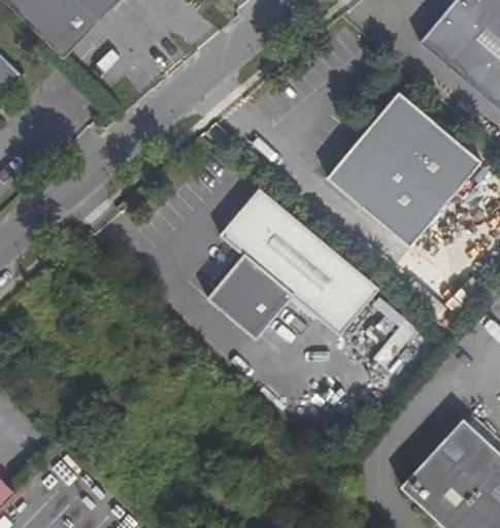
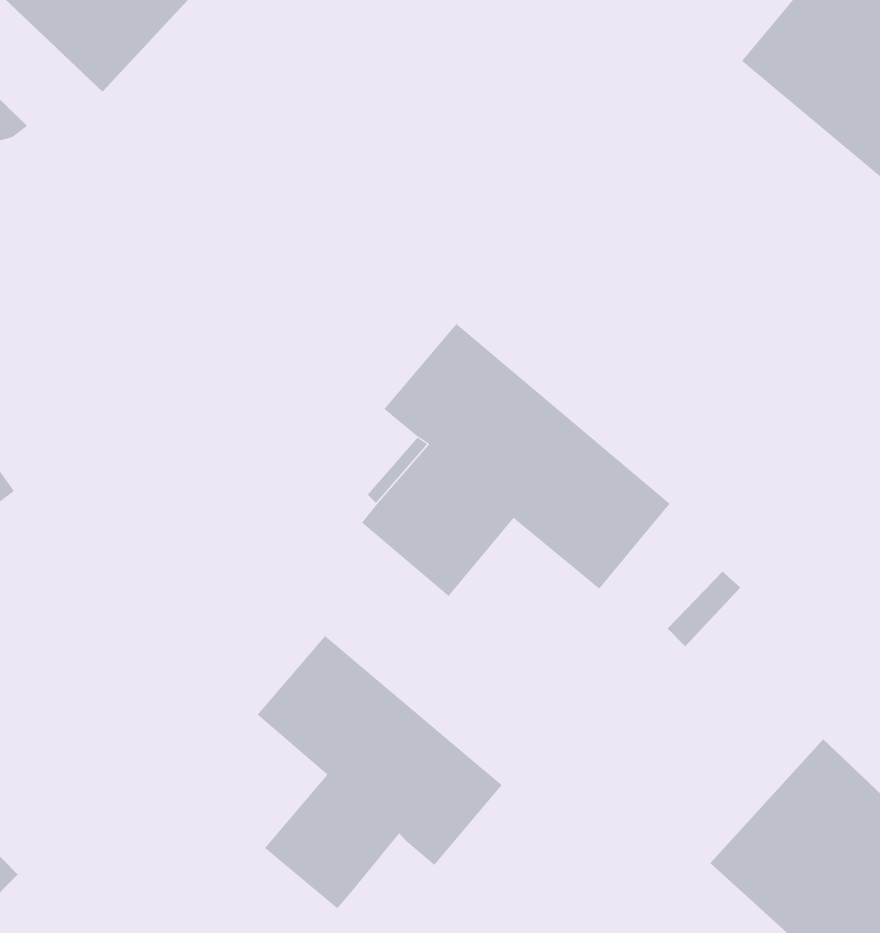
building: [328,92,482,246] -> none
building: none -> [257,635,502,909]

